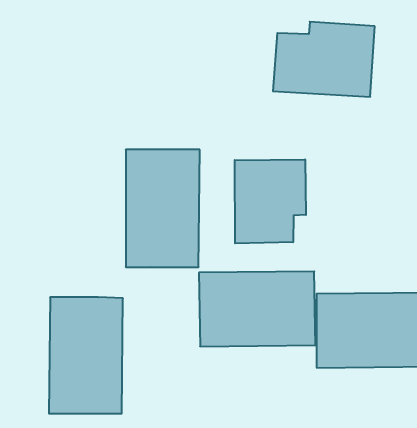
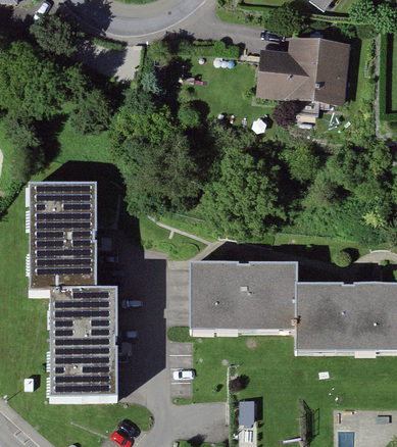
building: [126,150,200,267] -> [30,182,97,289]
building: [235,159,306,243] -> none

